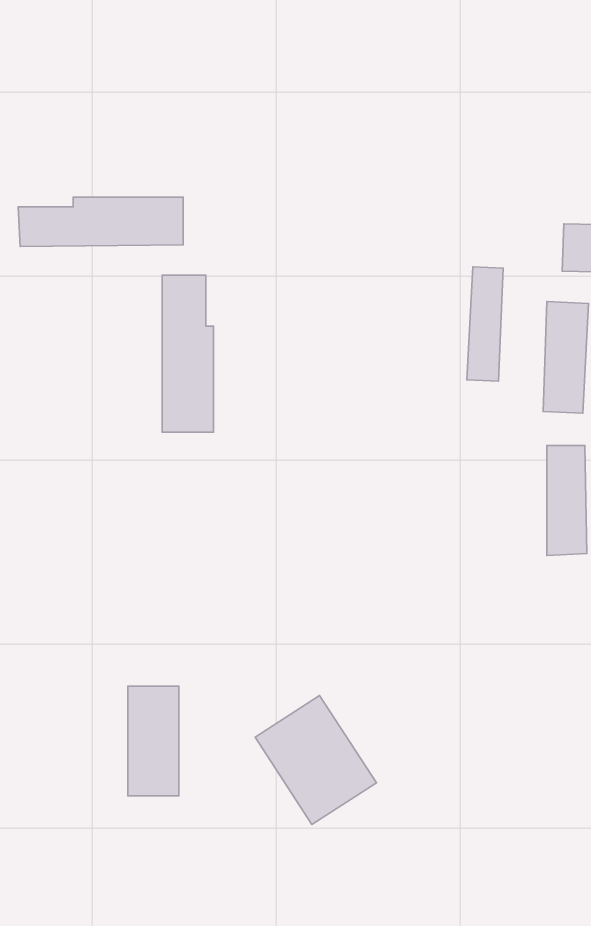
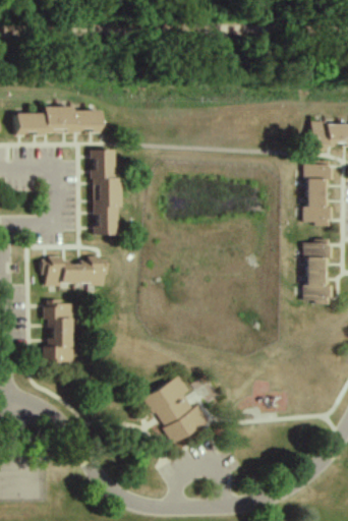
building: [467,267,503,381] -> none
building: none -> [47,256,106,285]
building: [128,686,179,796] -> [46,303,73,362]

